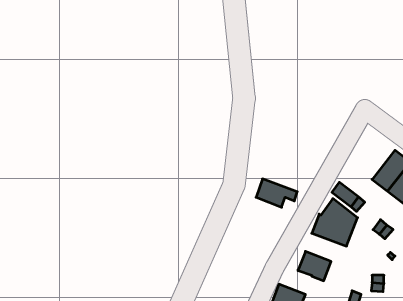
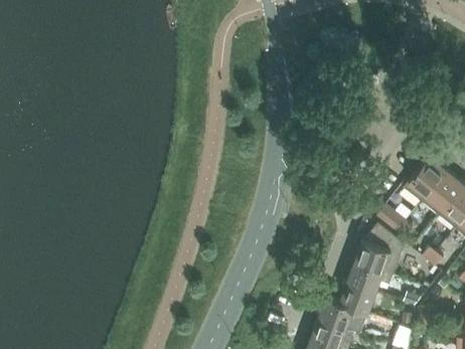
building: none -> [402,158,445,204]
building: [256,179,297,207] -> [346,264,392,295]
building: none -> [317,299,353,331]

